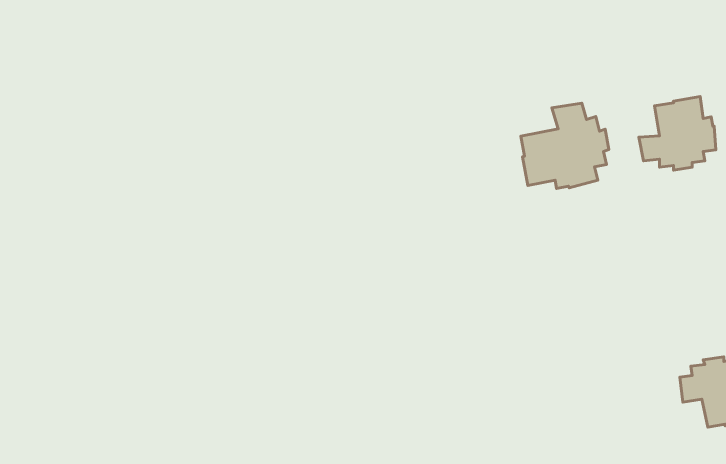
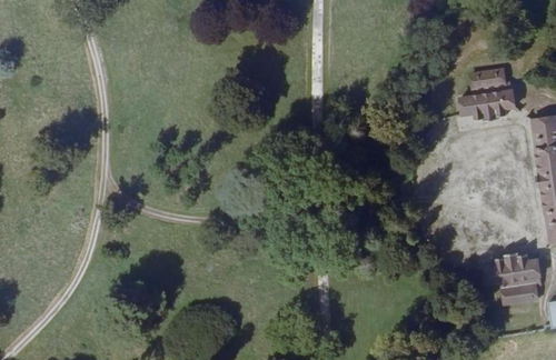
building: [521,103,609,189] -> none

